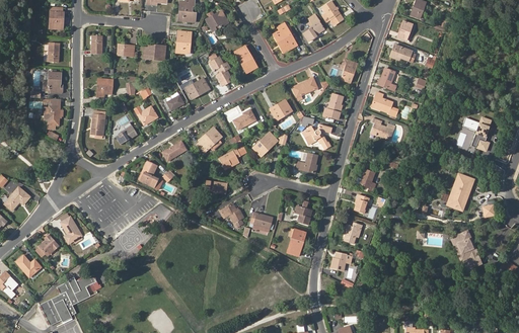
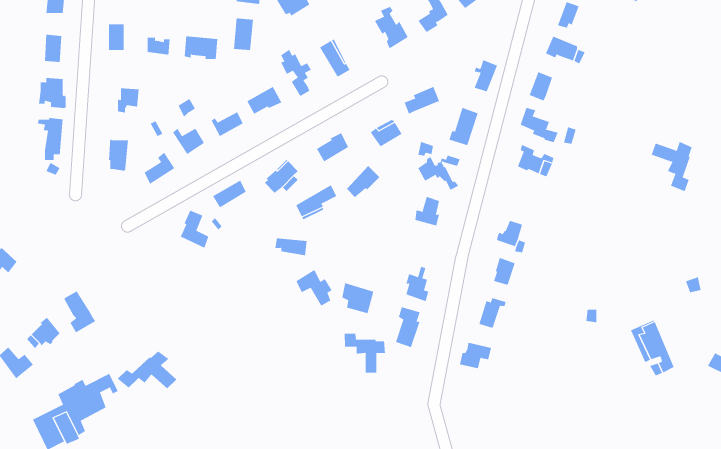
building: [444,174,471,212] -> none
building: none -> [344,333,385,374]
building: none -> [117,350,177,389]

